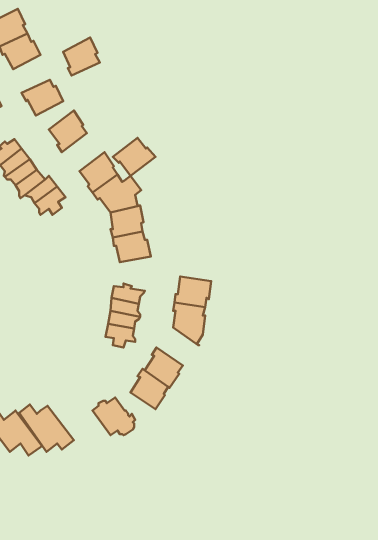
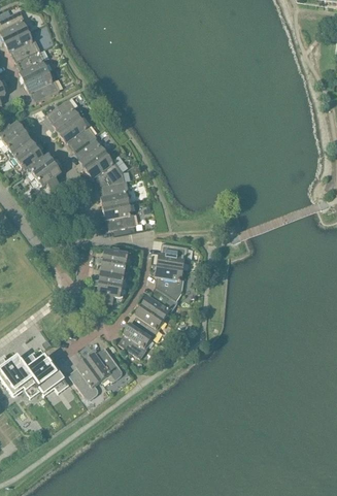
building: [63,38,100,75] -> [16,48,48,81]
building: [113,138,155,176] -> [59,117,96,150]
building: none -> [141,286,177,319]
building: none -> [68,358,101,398]

